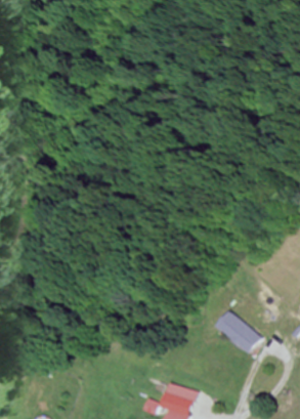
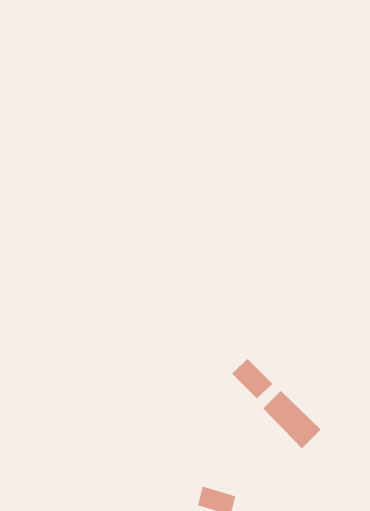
building: none -> [231,358,273,399]

